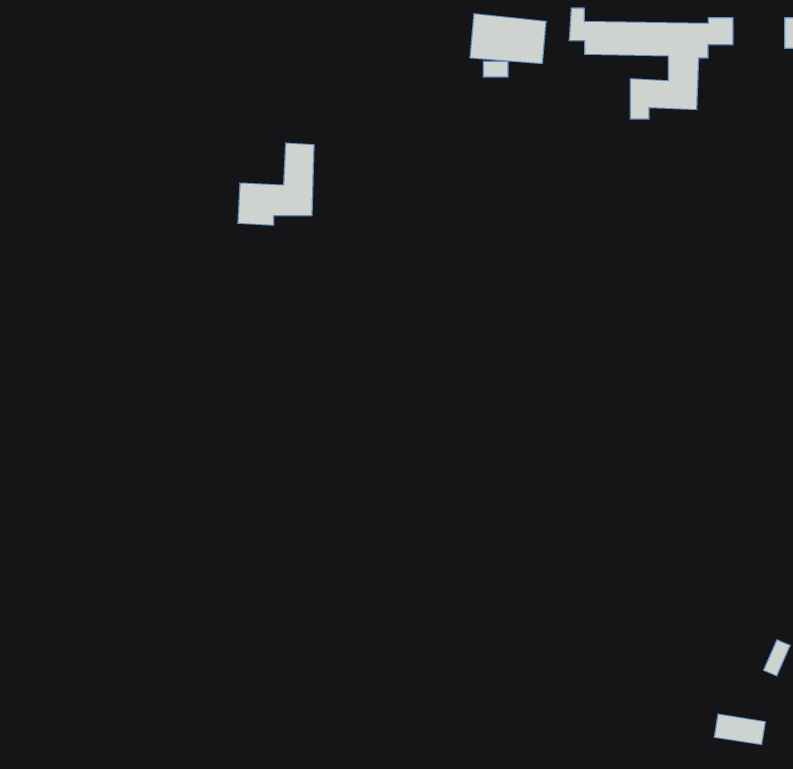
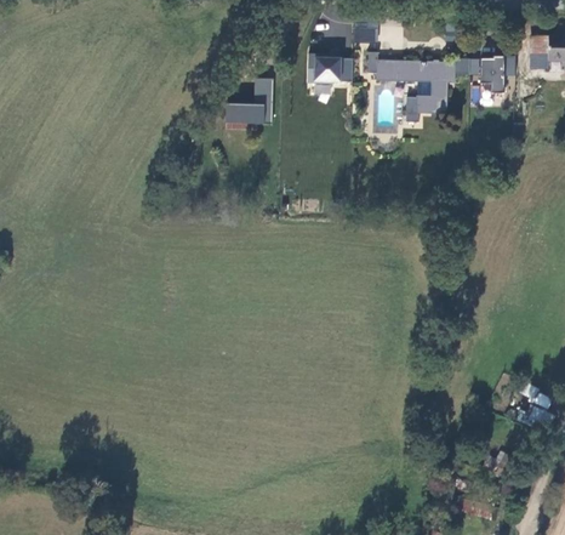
building: none -> [473,58,502,76]
building: [238,143,314,225] -> [223,78,272,130]

